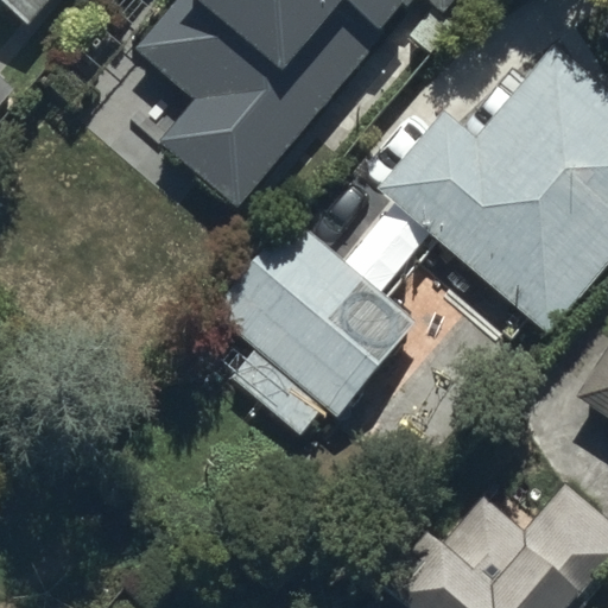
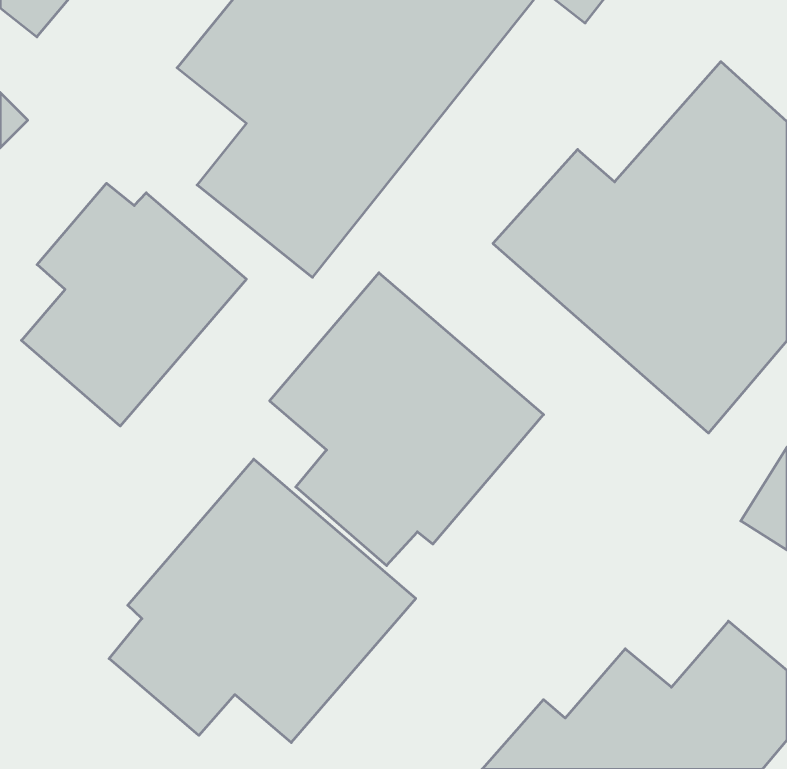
building: none -> [21,183,246,426]
building: none -> [109,459,416,743]

